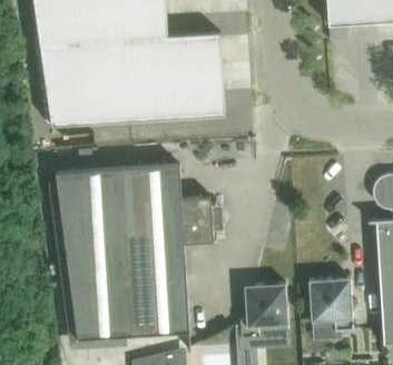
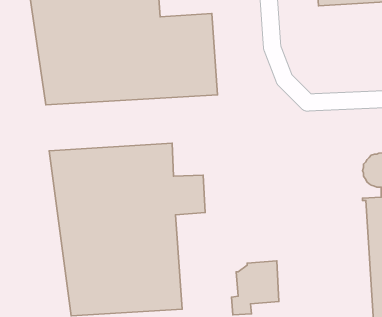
building: [308,278,356,331] -> none

